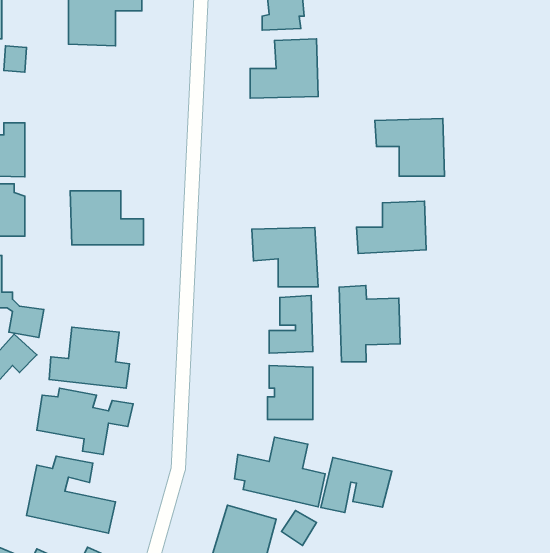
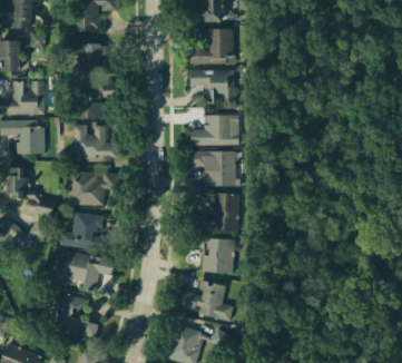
building: none -> [62,41,115,73]
building: [375,119,445,176] -> [187,69,232,106]
building: none -> [71,82,119,118]
building: [356,201,426,253] -> [186,114,231,147]
building: none -> [68,170,117,206]
building: [339,286,400,362] -> none
building: [321,458,392,512] -> none

